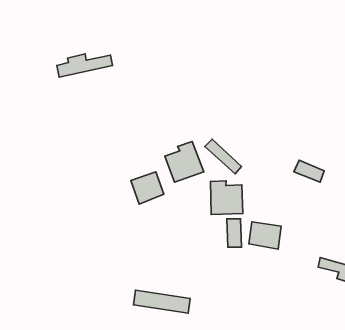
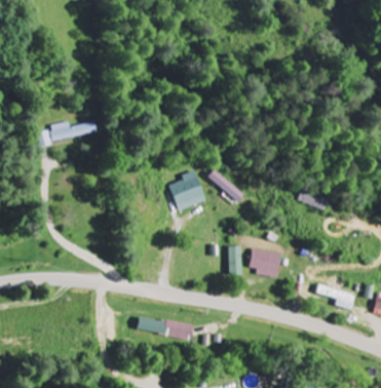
building: [57,54,113,77] -> [37,121,91,144]
building: [131,172,164,204] -> none
building: [211,181,243,215] -> none

